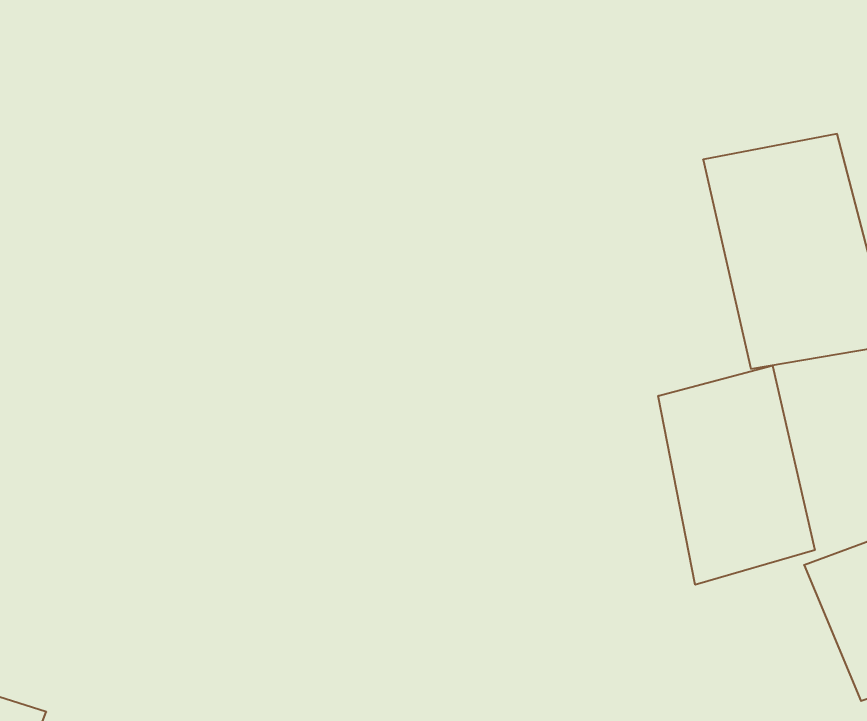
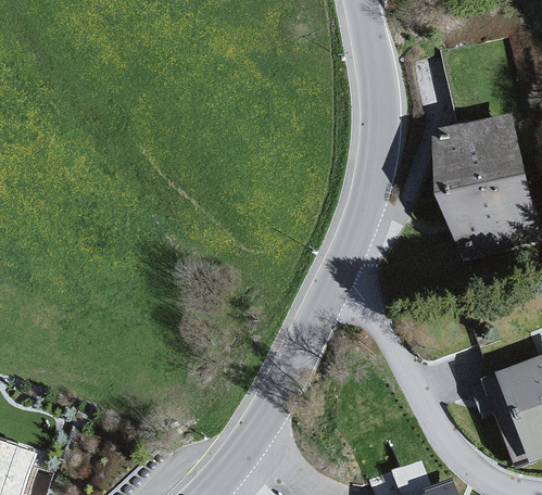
building: [658,365,815,585] -> none

